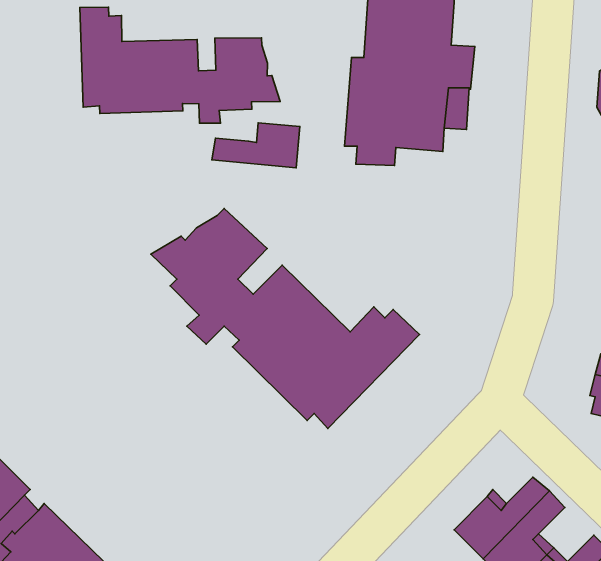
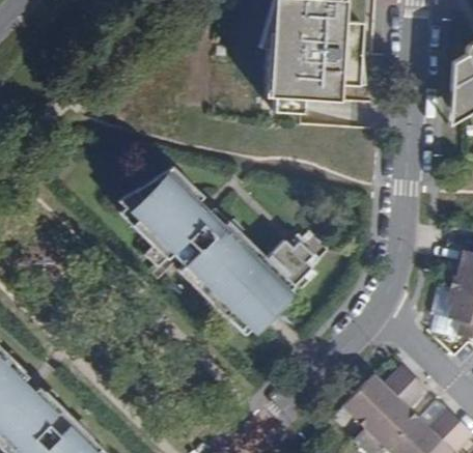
building: [80,7,280,123] -> none
building: [212,123,300,168] -> none

